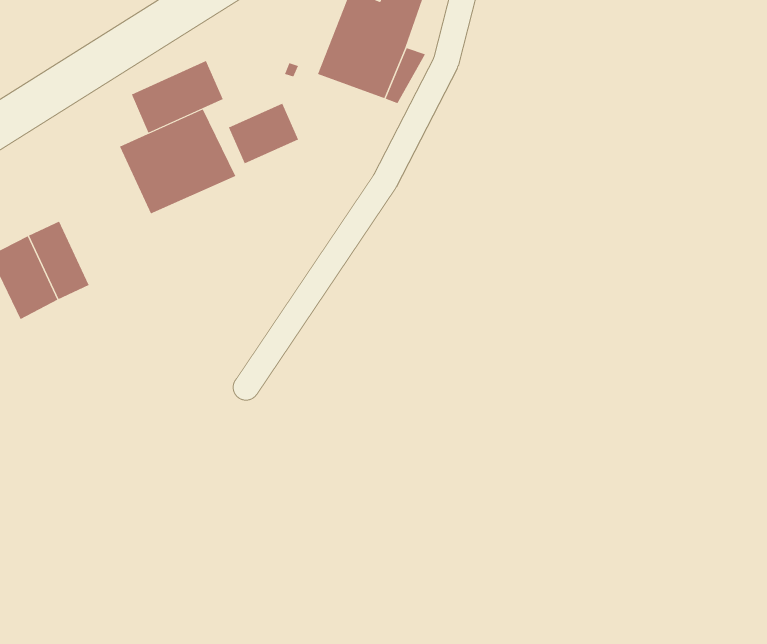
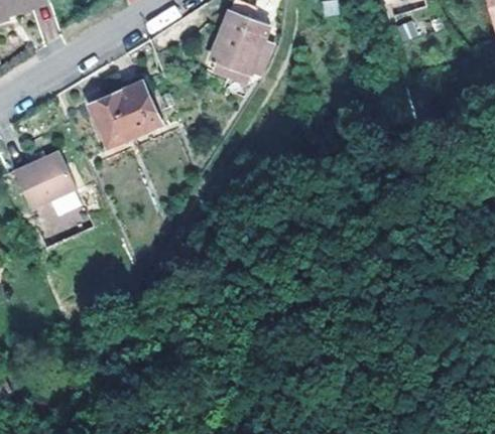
building: [131,60,223,133] -> none
building: [228,103,299,164] -> none

